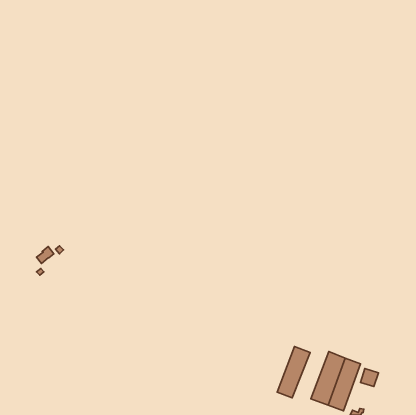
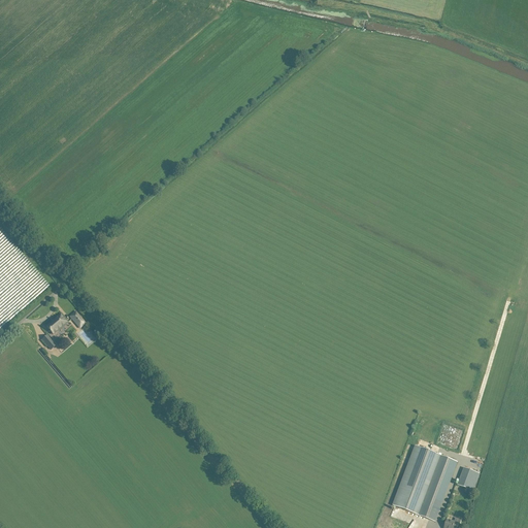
building: [277,347,310,398] -> none

